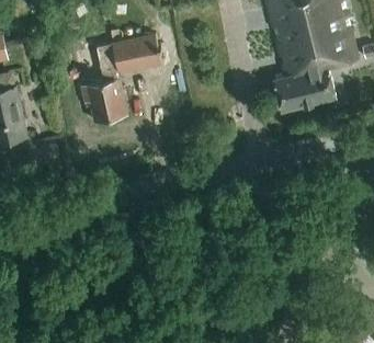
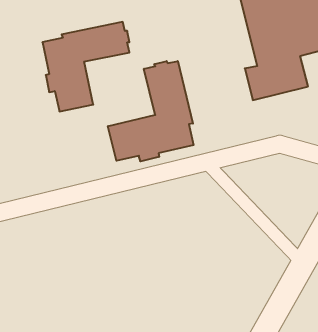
building: none -> [108,61,194,161]

